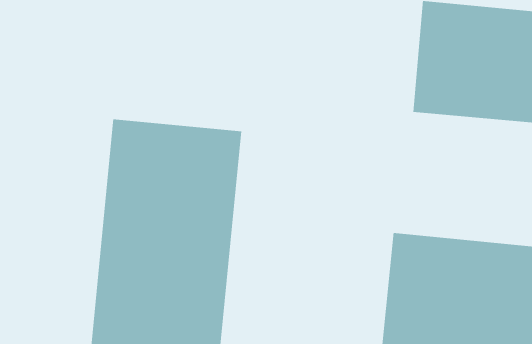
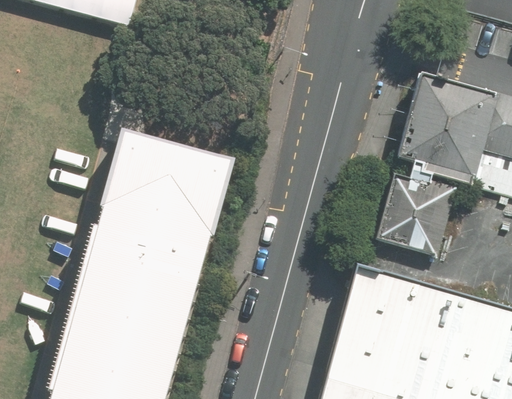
building: none -> [374,177,451,259]

